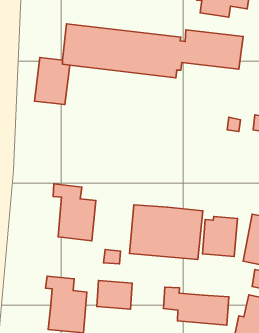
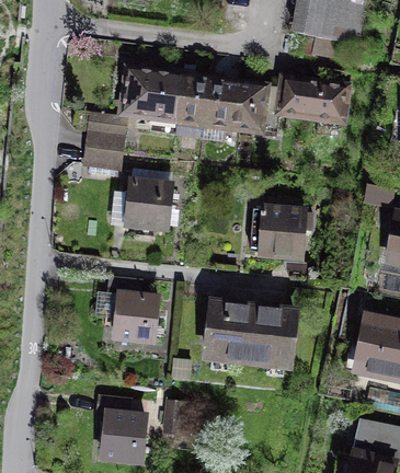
building: none -> [122,177,173,233]
building: none -> [249,204,307,262]
building: [203,217,237,257] -> none
building: [163,287,229,325] -> none

